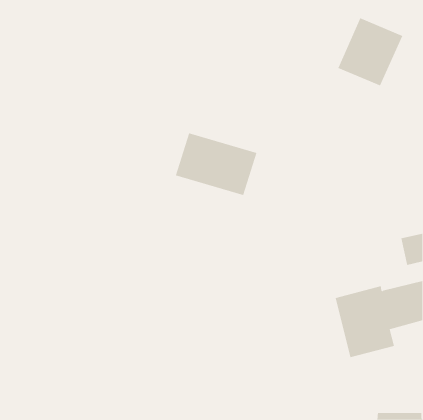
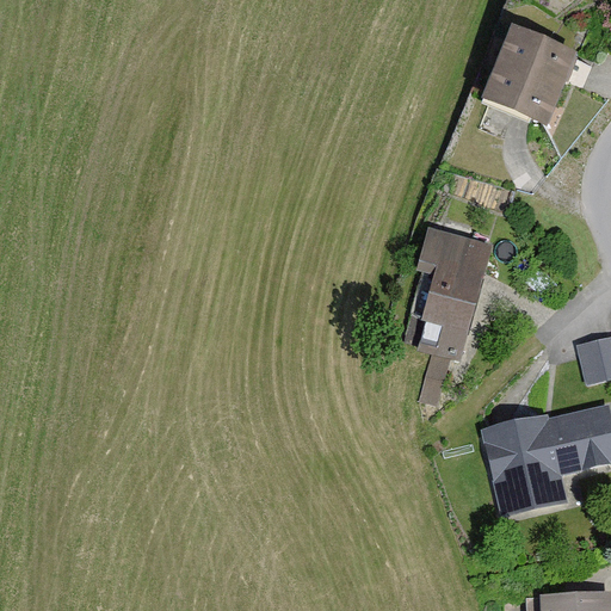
building: [175,133,257,196] -> none
building: none -> [415,218,493,401]

